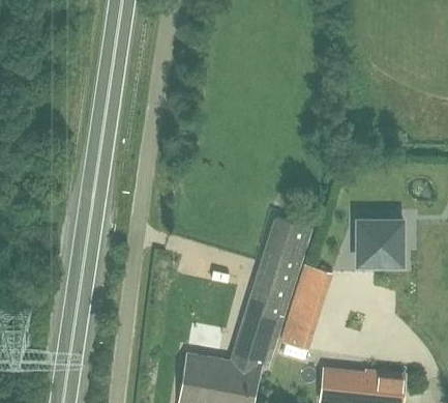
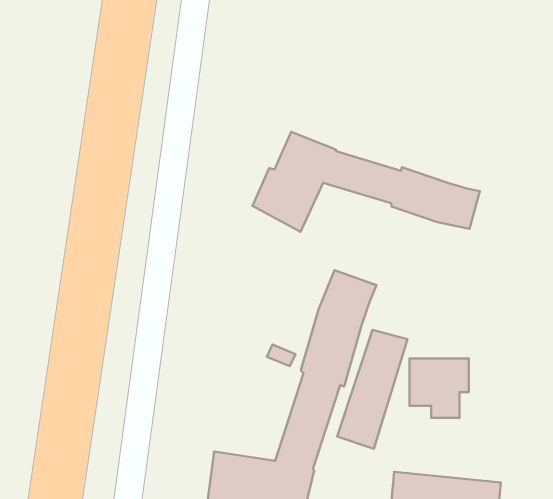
building: none -> [253,132,480,232]
building: [357,220,402,265] -> [409,358,469,418]

